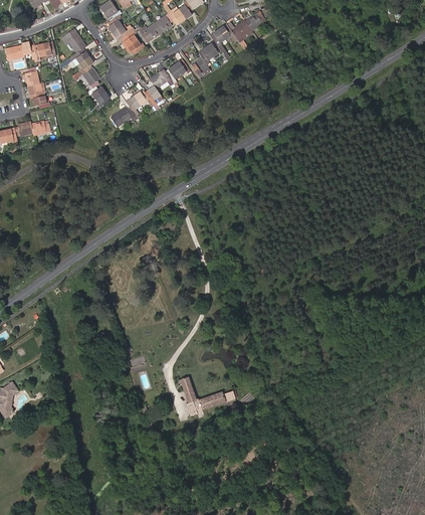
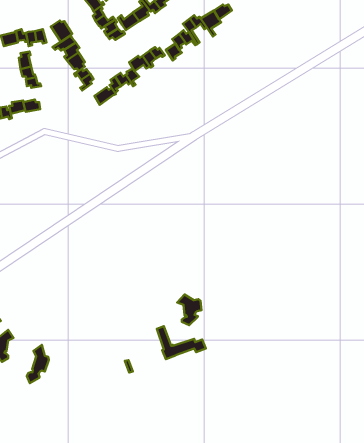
building: none -> [177,295,202,325]
building: none -> [27,345,49,383]

